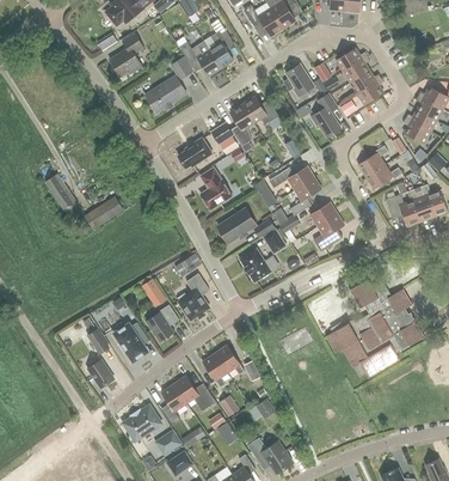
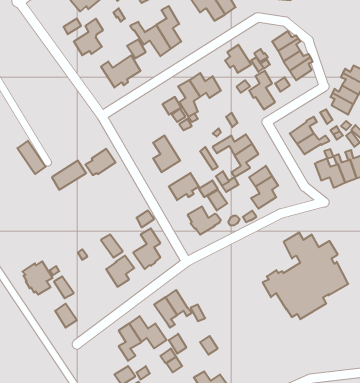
building: [178,136,213,166] -> [85,149,116,175]
building: [115,321,149,359] -> [22,261,53,295]
building: [124,406,160,439] -> none

